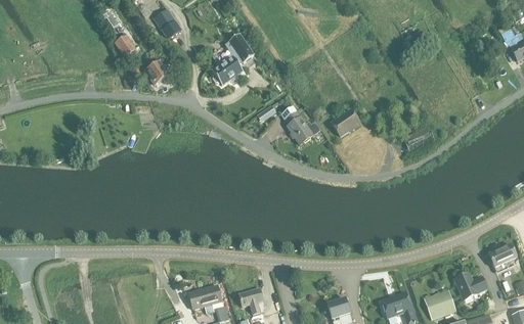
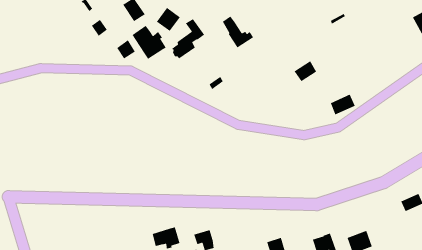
building: none -> [156,7,181,32]
building: none -> [132,25,167,60]
building: [280,103,319,143] -> [222,15,254,49]
building: [331,109,359,136] -> [294,60,317,82]
building: [453,273,487,299] -> none

